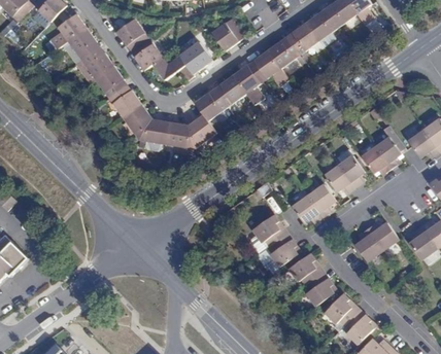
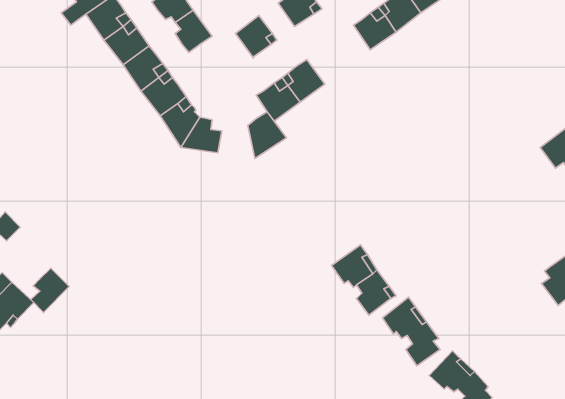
building: [252,49,289,87] -> none
building: [151,56,193,81] -> none
building: [232,65,262,105] -> none
building: [165,122,193,149] -> none
building: [361,129,403,175] -> none
building: [323,155,362,193] -> none
building: [291,184,333,224] -> none
building: [353,222,397,261] -> none
building: none -> [31,268,69,313]

